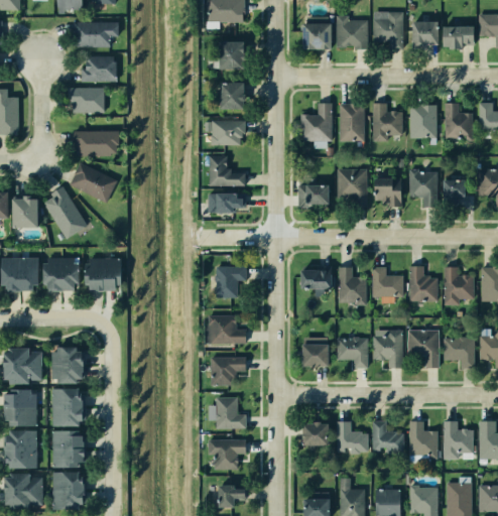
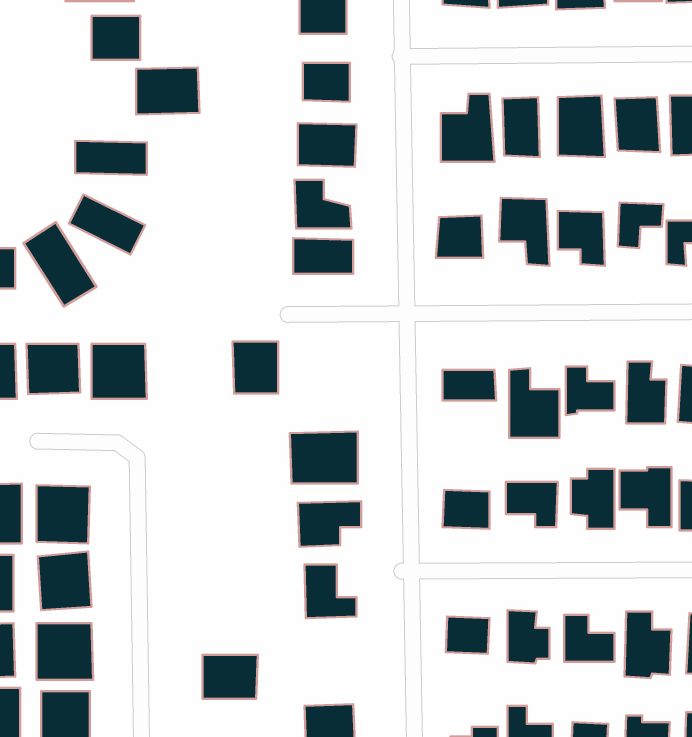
building: [66,86,105,115] -> [136,67,199,114]
building: [214,264,242,296] -> [233,342,278,394]
building: [212,438,246,466] -> [202,655,258,699]

